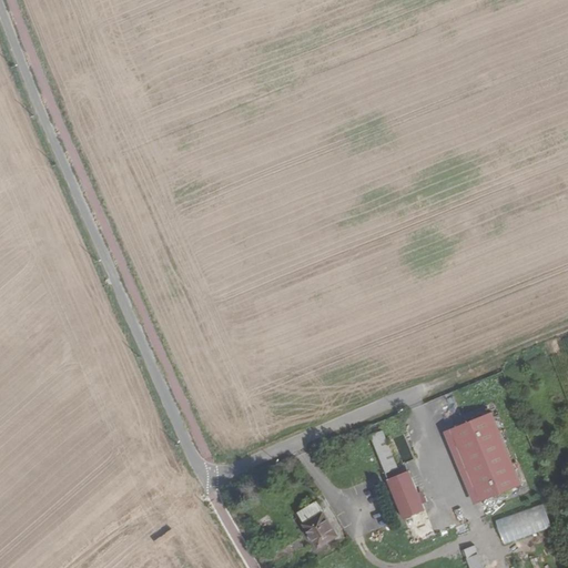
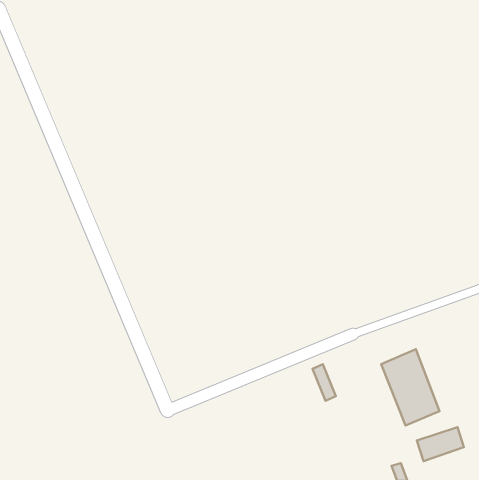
building: [386,471,424,519] -> none
building: [296,501,336,547] -> none

